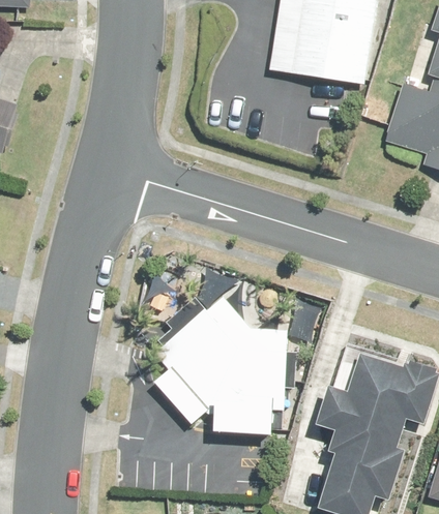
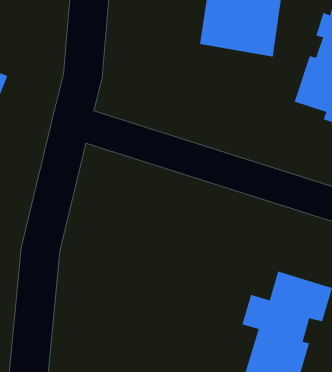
building: [155,296,289,433] -> none

